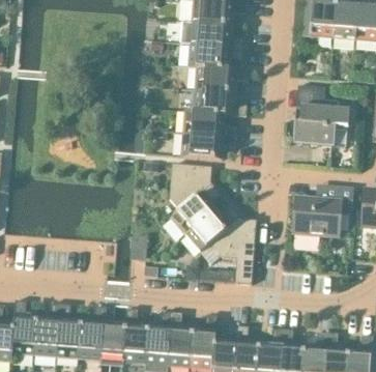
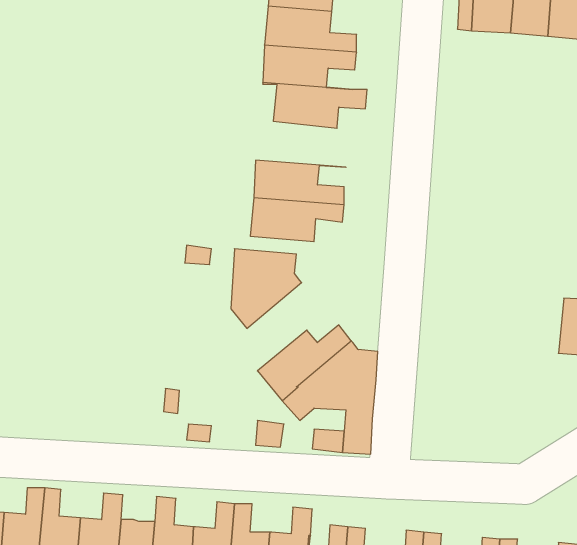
building: [296,85,349,145] -> none
building: [184,89,247,117] -> none
building: [171,183,220,235] -> none
building: [294,184,354,236] -> none

